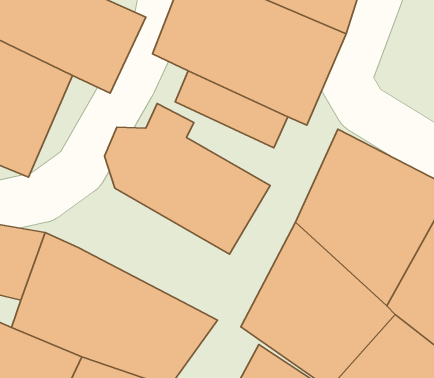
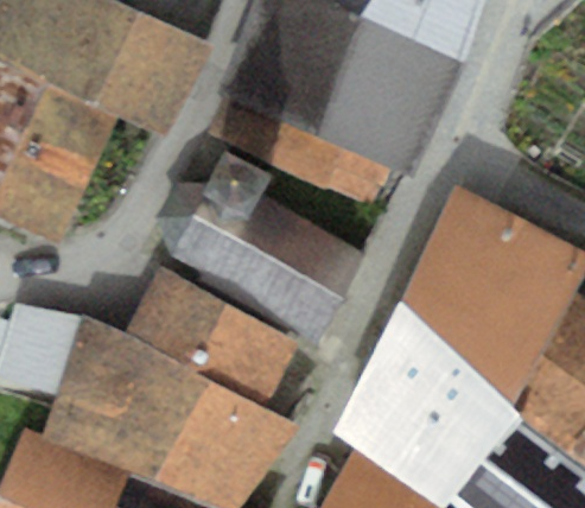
building: none -> [125,266,298,407]

